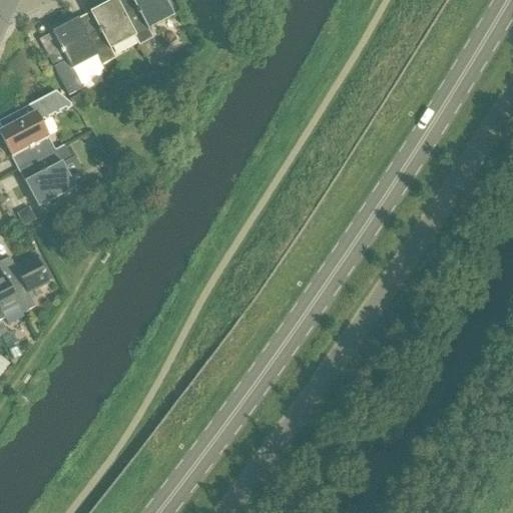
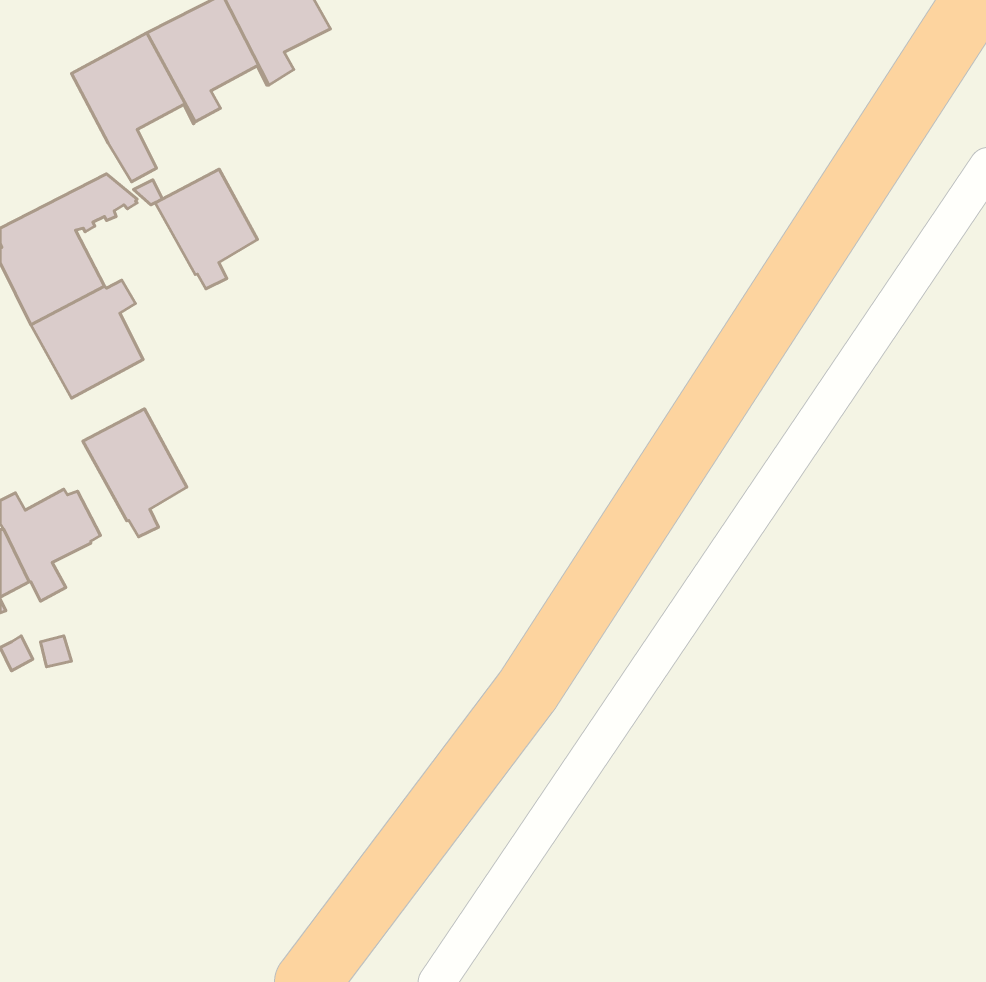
building: none -> [155,169,258,289]
building: none -> [83,409,187,537]

